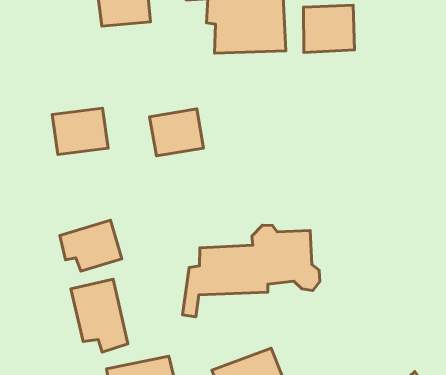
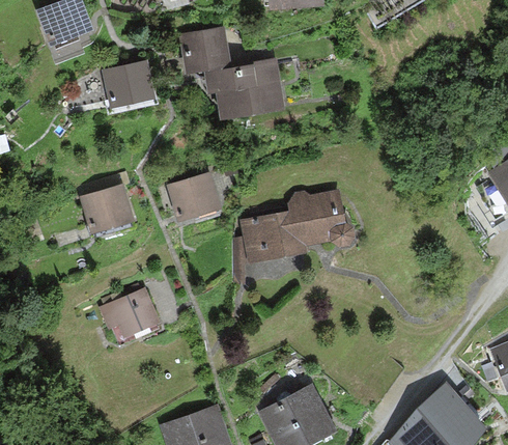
building: [304,5,355,52] -> none
building: [183,225,320,317] -> [233,190,356,284]
building: [71,279,128,352] -> none

